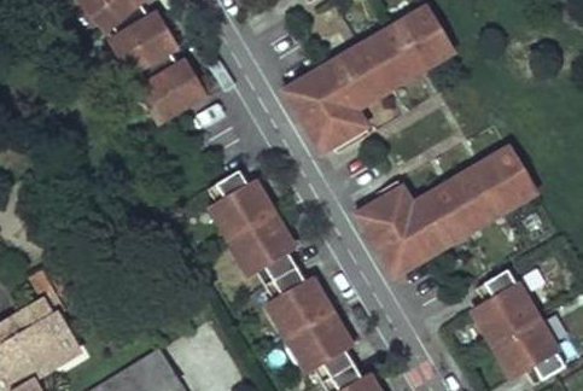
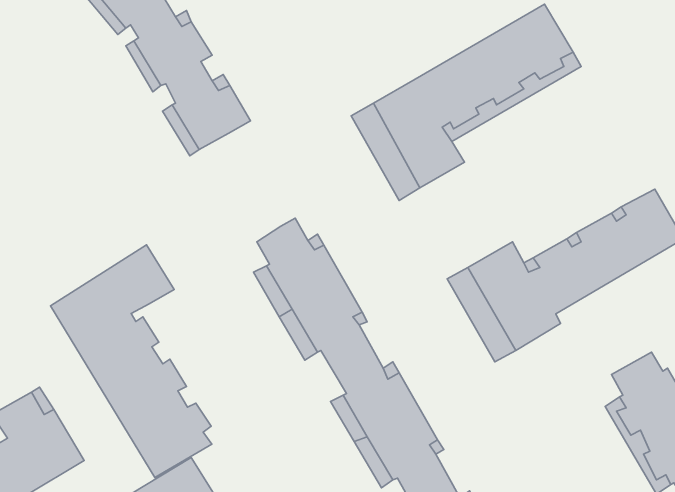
building: none -> [50,245,212,478]

